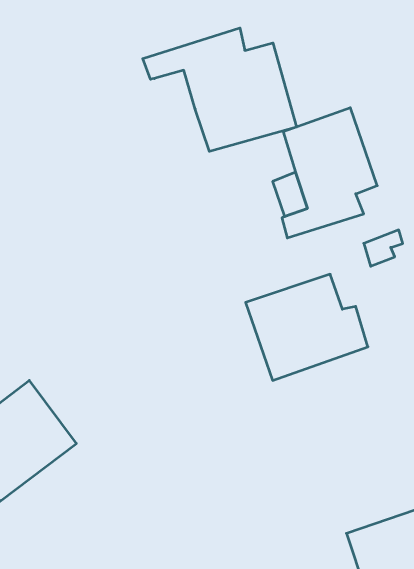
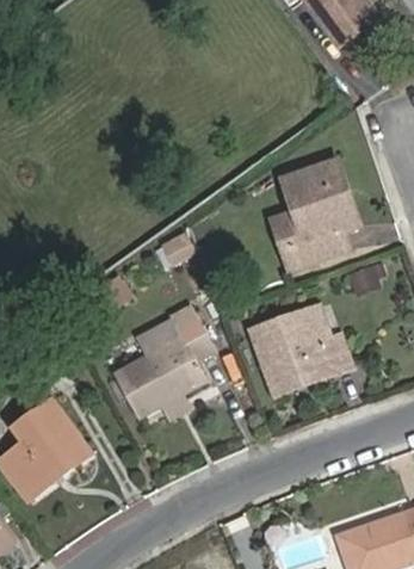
building: [143,28,297,151] -> none
building: none -> [112,304,217,418]

